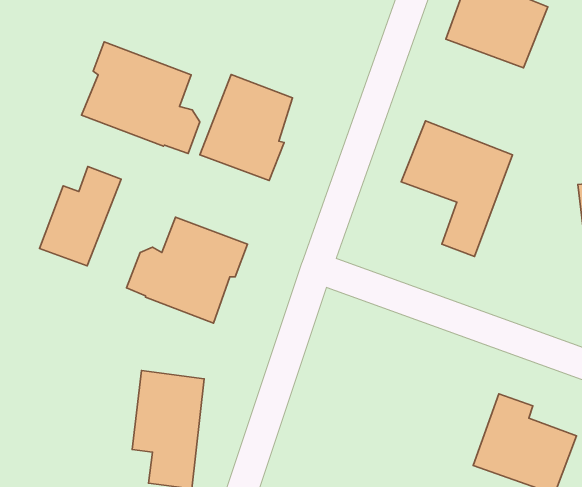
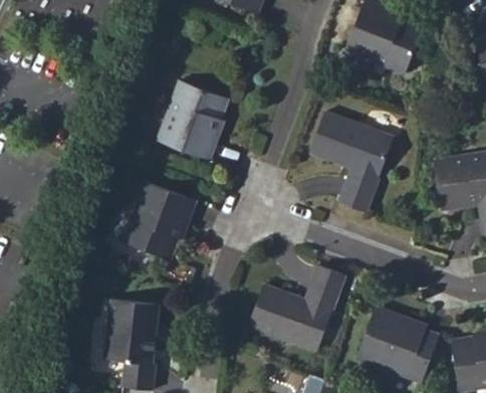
building: [81,42,200,153] -> none
building: [39,167,121,266] -> none
building: none -> [253,271,347,355]

